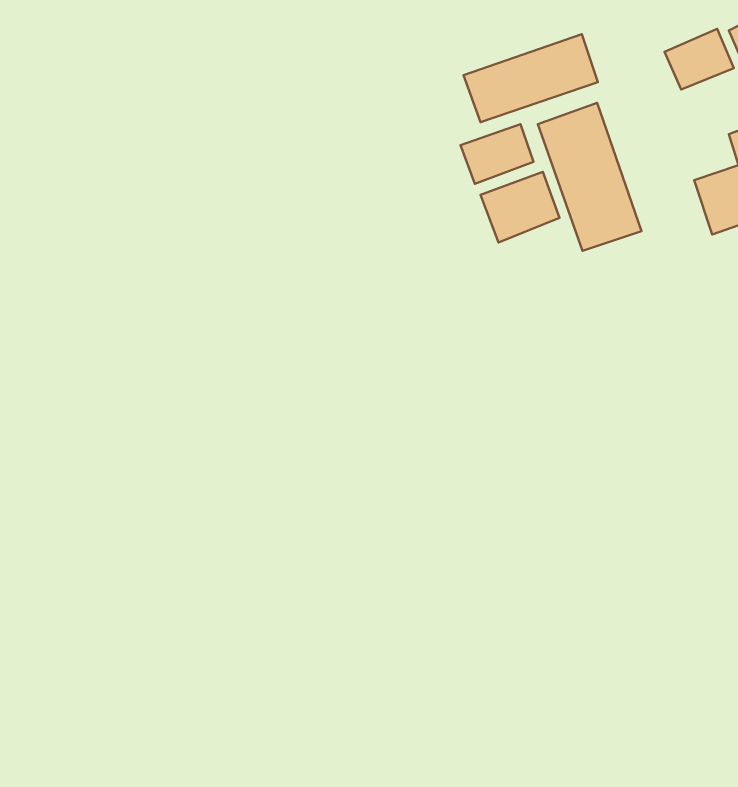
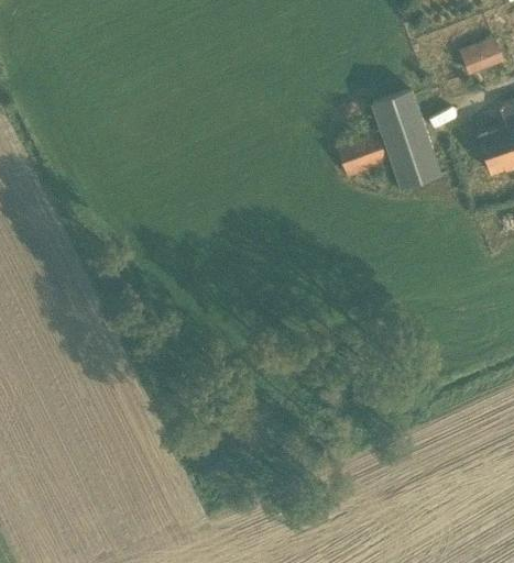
building: [464,34,598,122] -> none
building: [461,124,533,184] -> none

